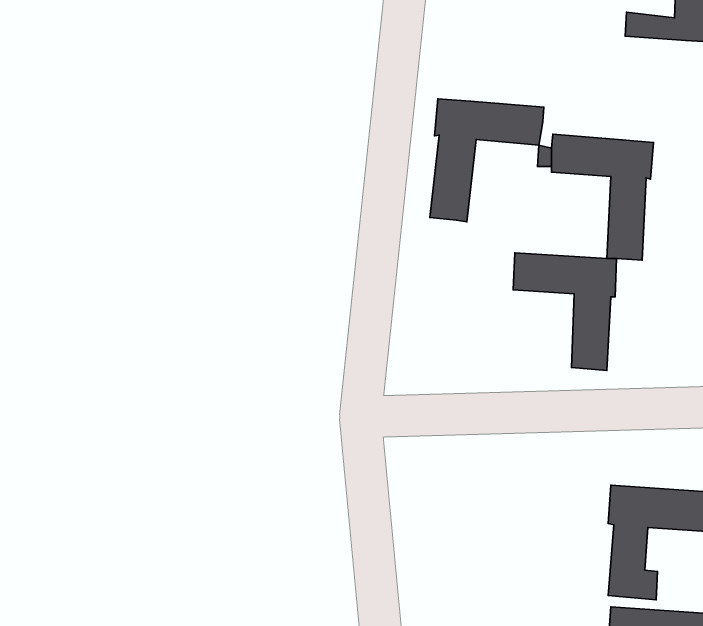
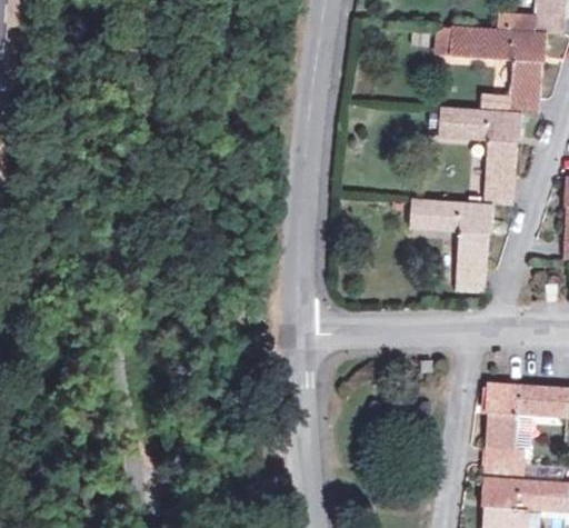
building: none -> [452,26,546,113]
building: [430,99,544,222] -> none

